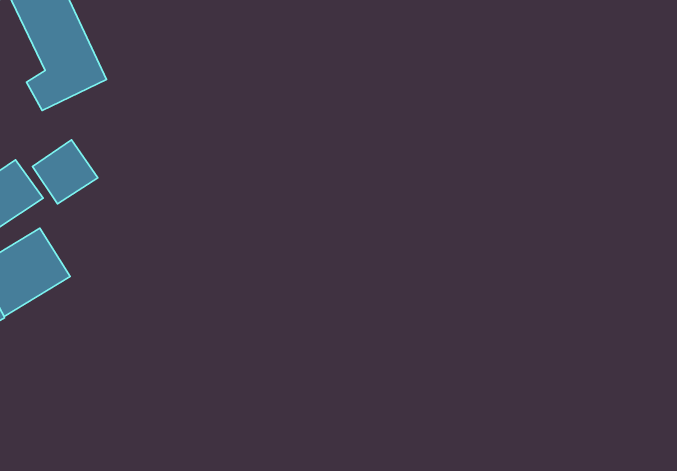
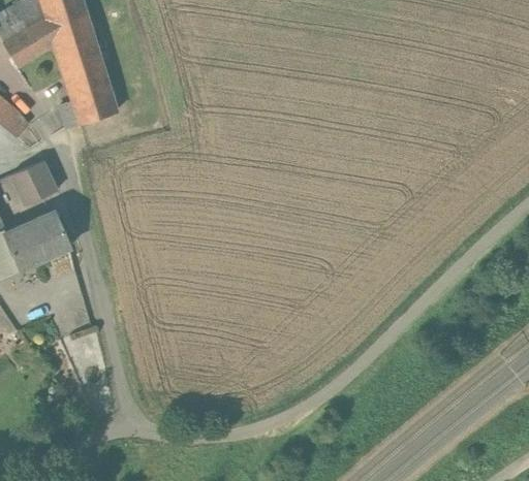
building: [32,140,98,204] -> none

